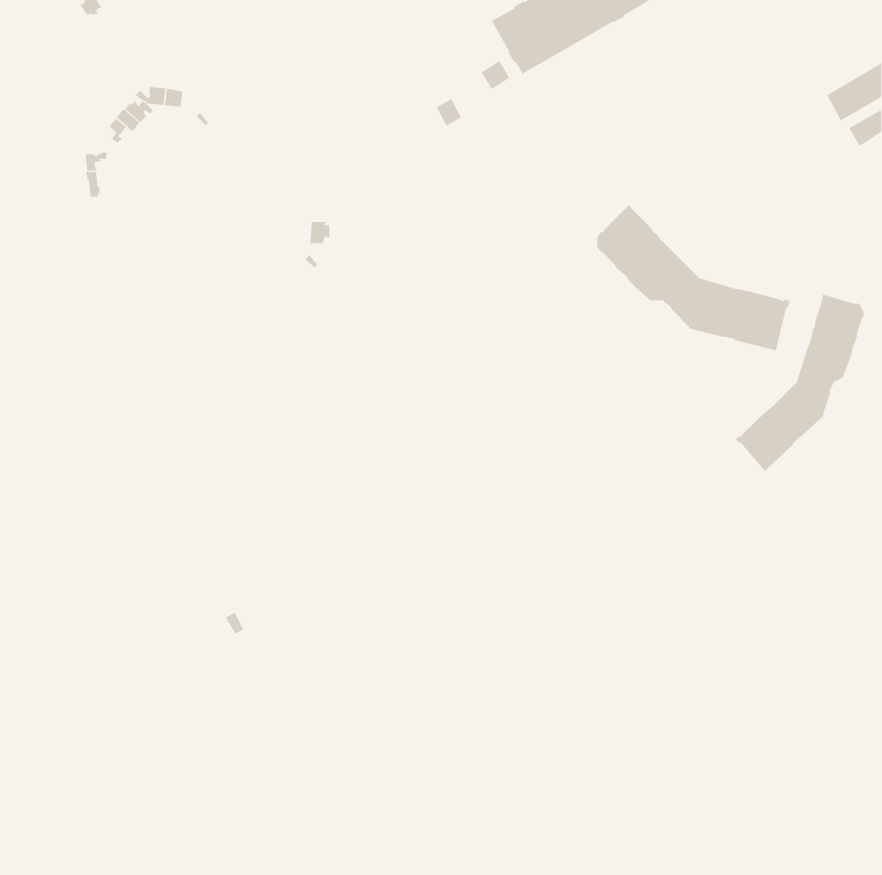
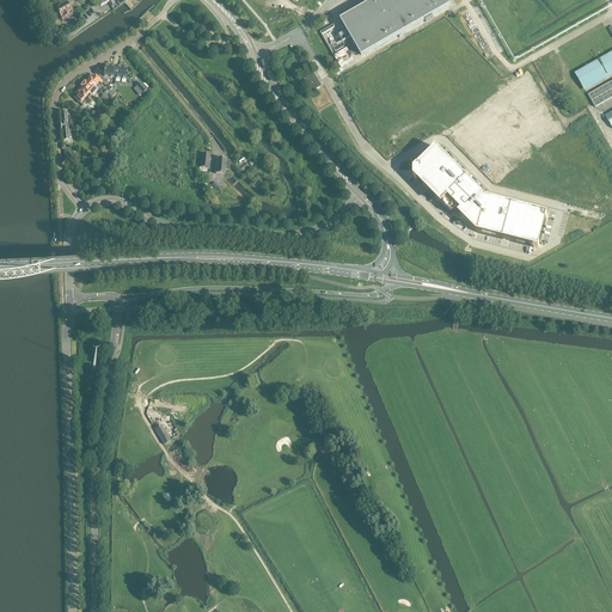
building: [735,294,864,472] -> none

